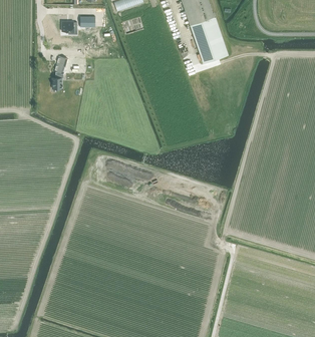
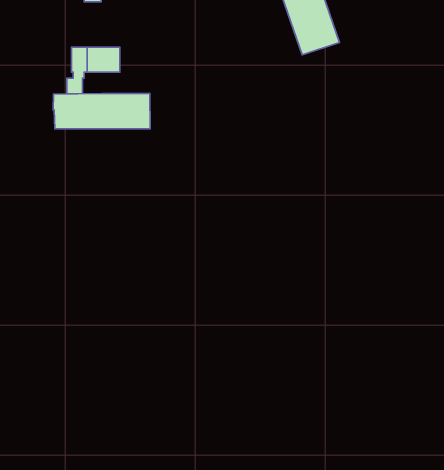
building: none -> [53,94,150,129]

